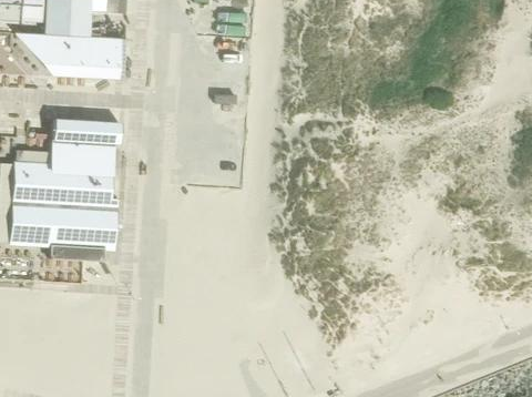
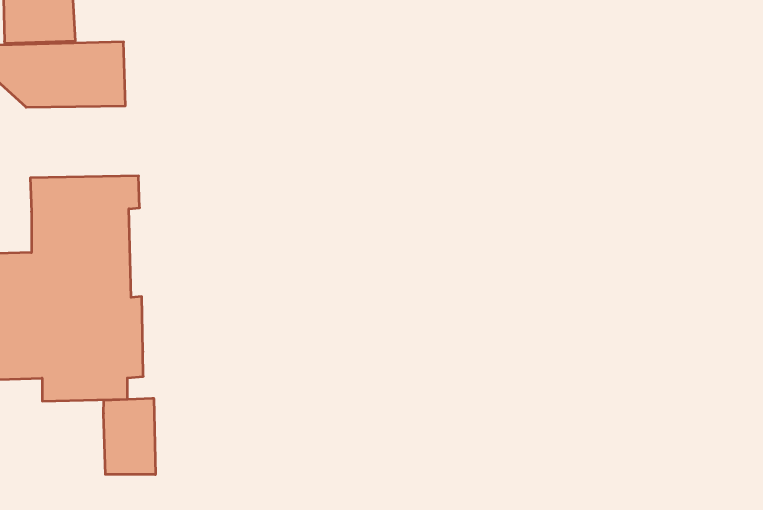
building: none -> [104,398,155,475]

